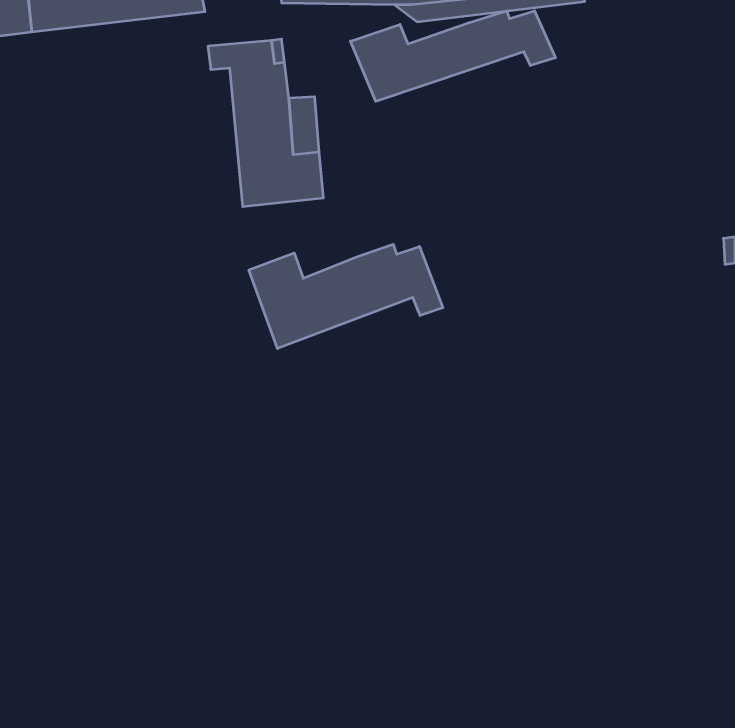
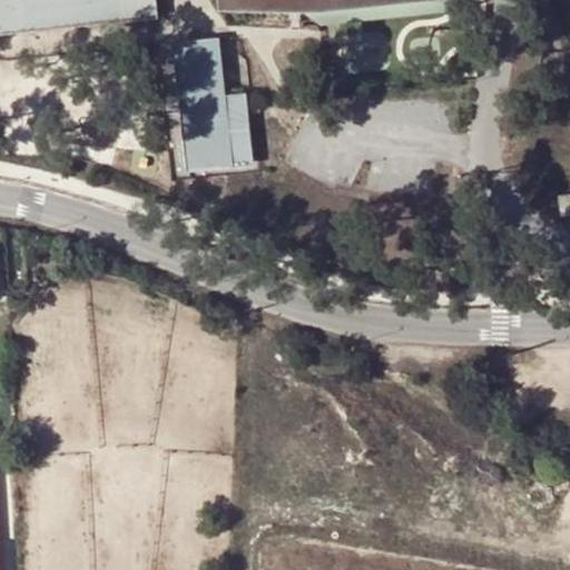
building: [350,11,555,101] -> none
building: [249,244,443,349] -> none

